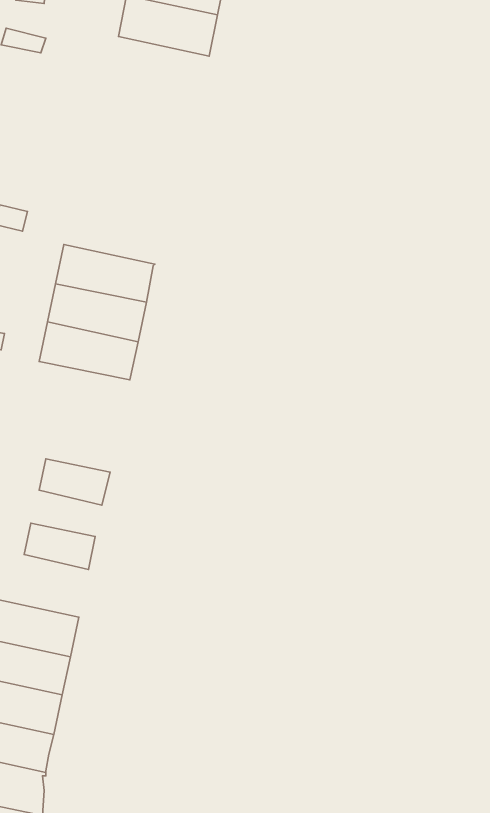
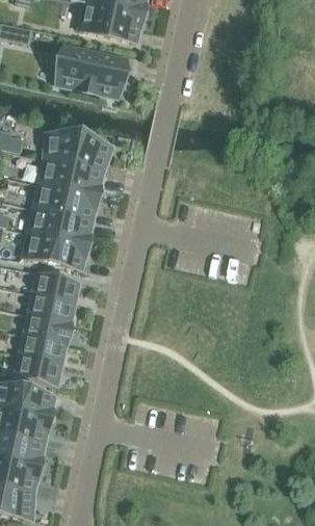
building: none -> [57,46,127,98]
building: none -> [46,133,112,173]
building: none -> [25,234,87,270]
building: none -> [34,273,79,304]
building: none -> [25,315,70,344]
building: none -> [17,356,61,386]

